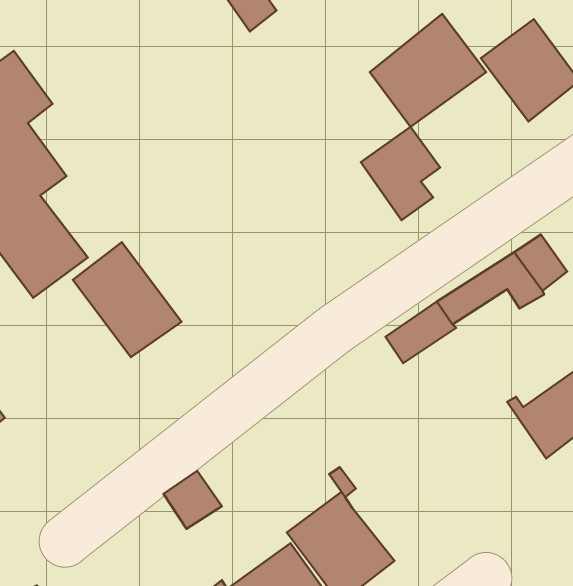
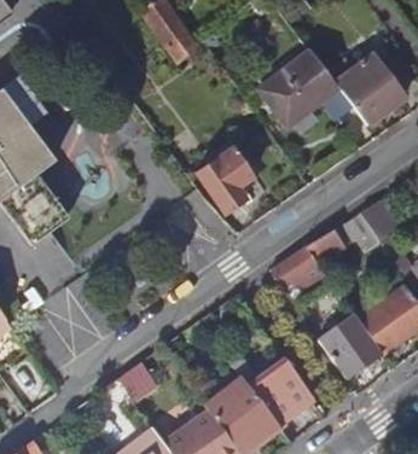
building: [361,127,440,220] -> [197,150,251,214]
building: [73,242,181,357] -> none
building: none -> [320,315,382,379]
building: none -> [249,361,312,424]

